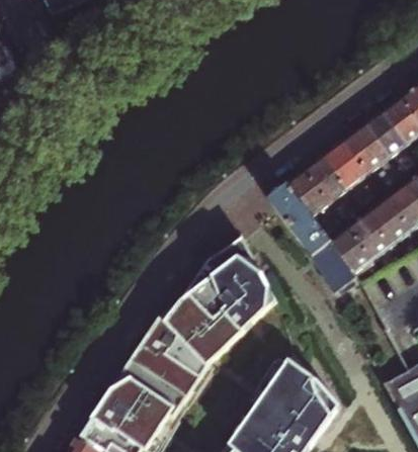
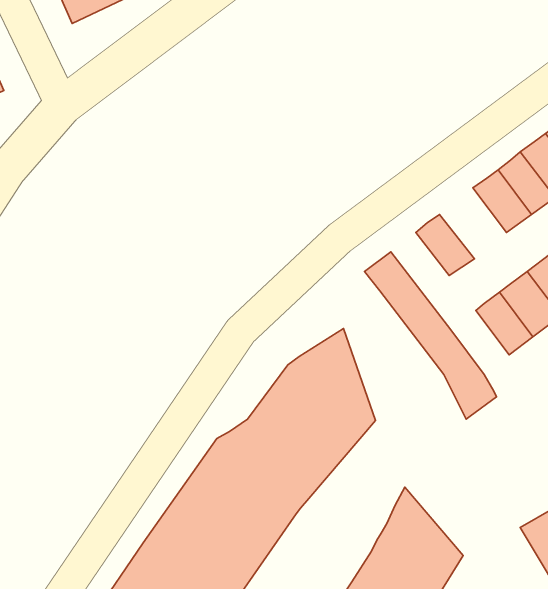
building: [322,138,370,189] -> none
building: [286,170,329,215] -> none
building: [330,227,382,285] -> none

